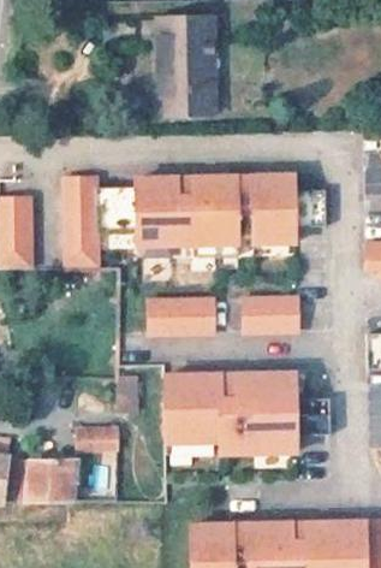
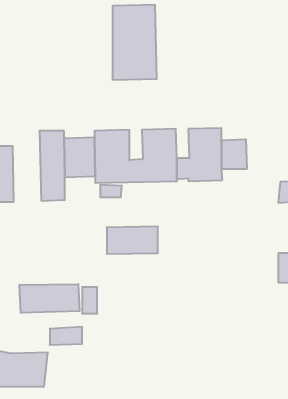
building: [245,297,293,331] -> none
building: [166,371,332,452] -> none
building: none -> [20,284,80,313]

